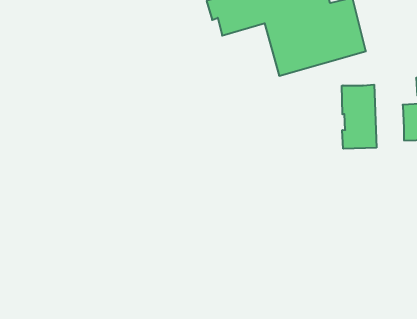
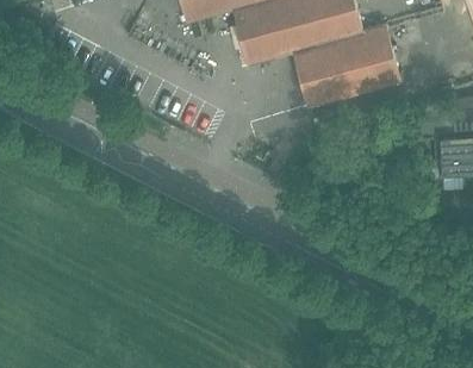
building: [342,85,376,149] -> none

